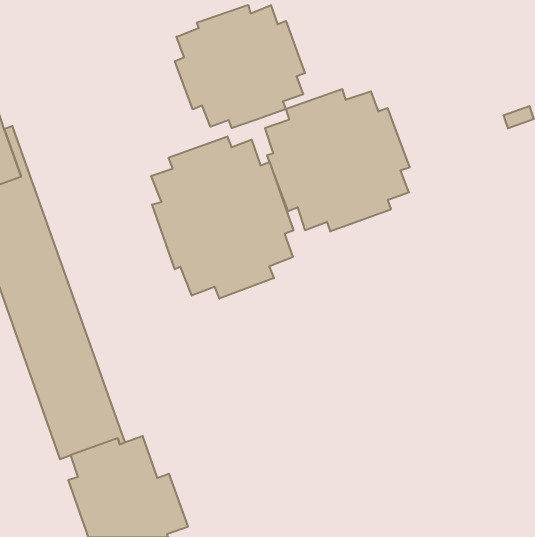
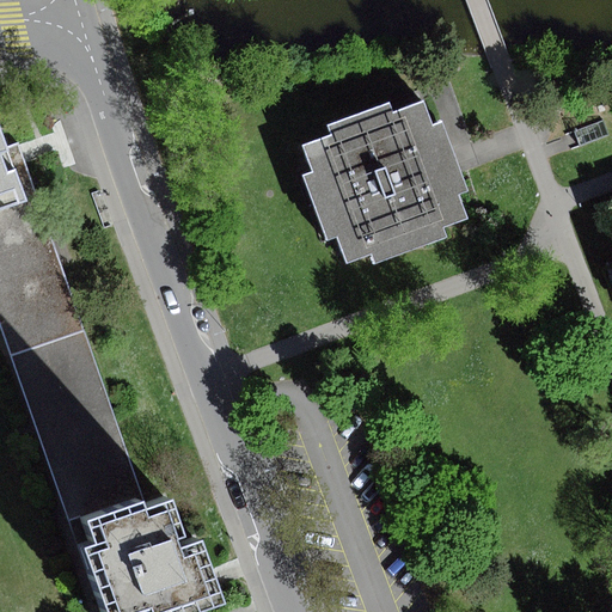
building: [175,5,305,128] -> none
building: [151,136,293,299] -> none

